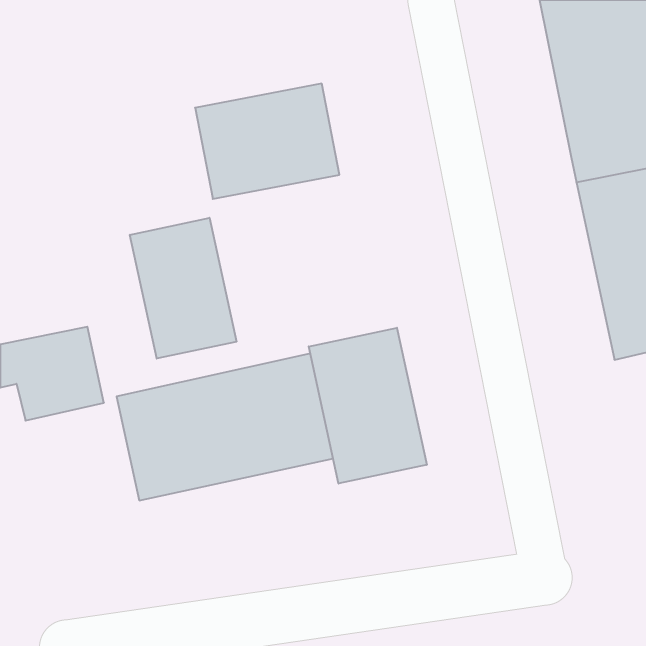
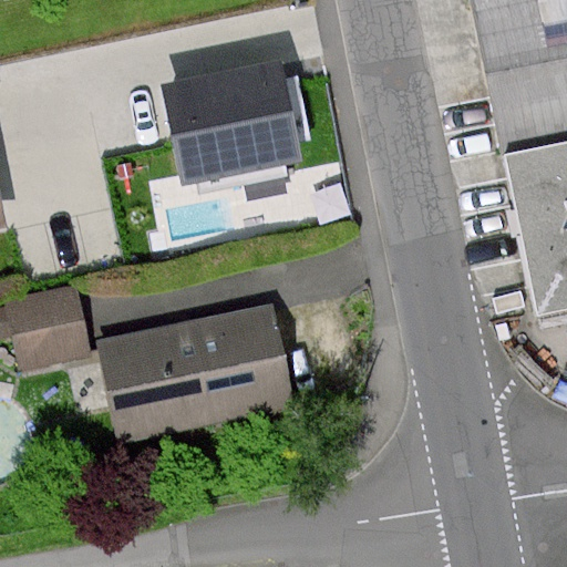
building: [130,218,236,359] -> none
building: [309,328,427,484] -> none

